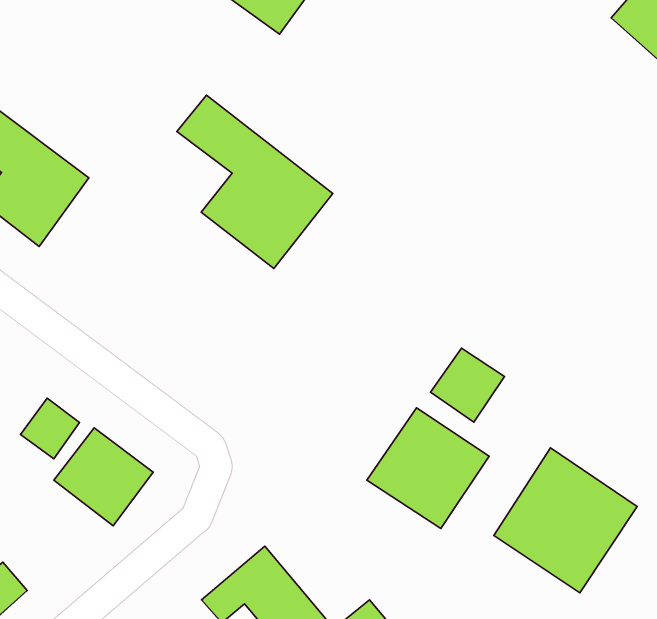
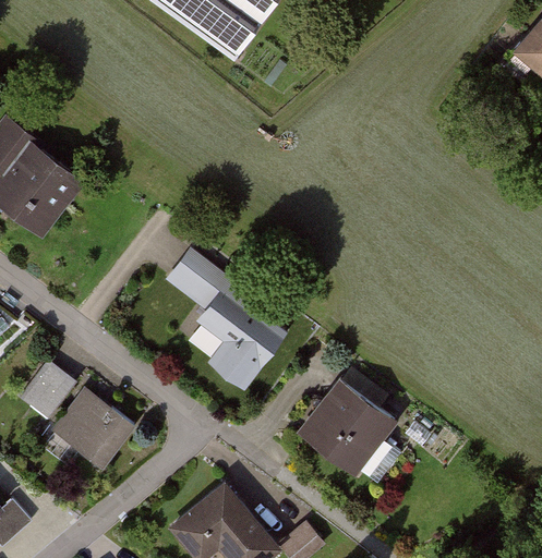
building: [177,95,333,269] -> [170,244,297,385]
building: [430,348,504,422] -> none
building: [494,448,637,593] -> none

